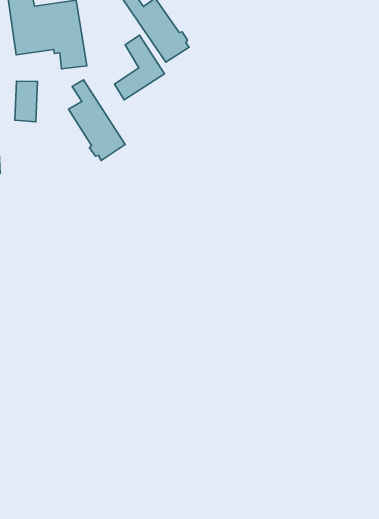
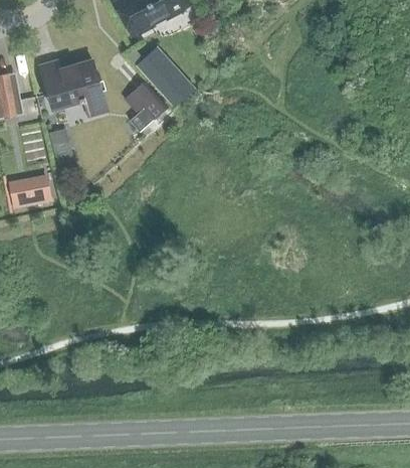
building: [68,80,125,160] -> none

